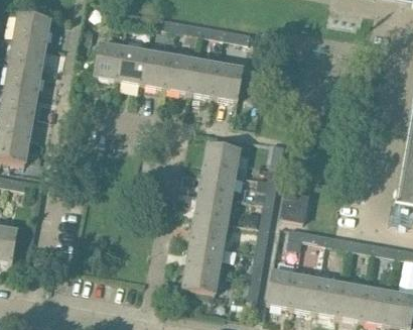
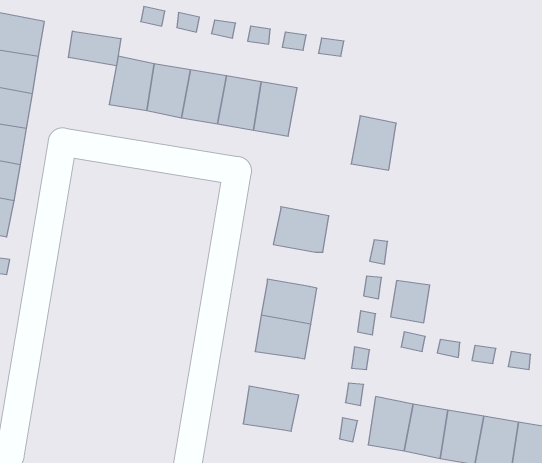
building: none -> [68,31,121,66]
building: [213,62,243,98] -> [351,116,396,170]
building: [198,167,236,196] -> none
building: [186,238,224,267] -> none

